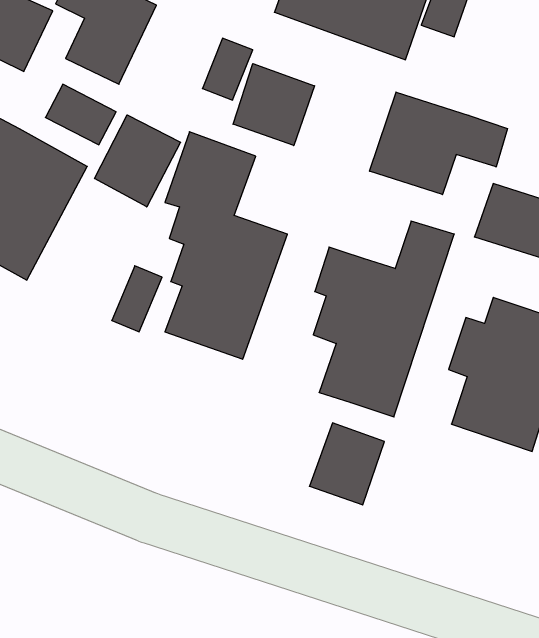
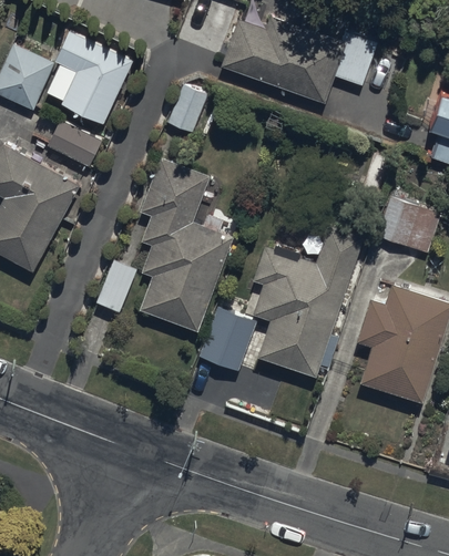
building: [233,64,315,146] -> none
building: [370,92,508,195] -> none
building: [95,115,181,207] -> none
building: [309,423,384,505] -> [197,309,255,372]

